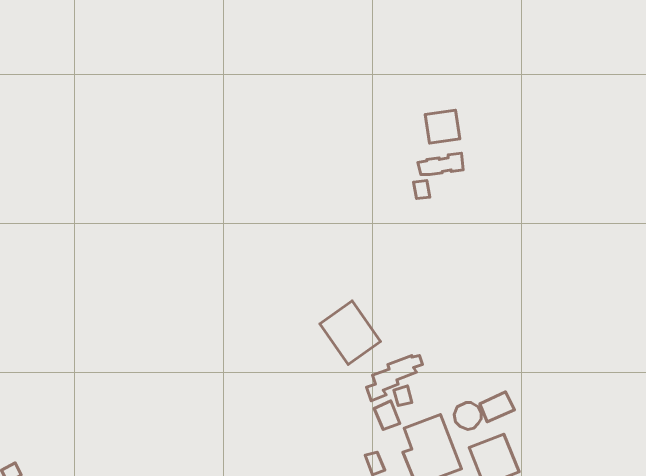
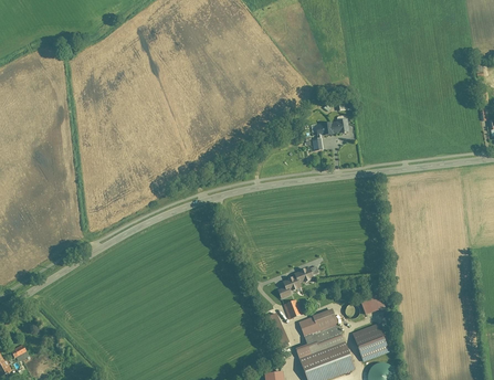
building: [425,110,460,143] -> none
building: [320,301,381,364] -> none

